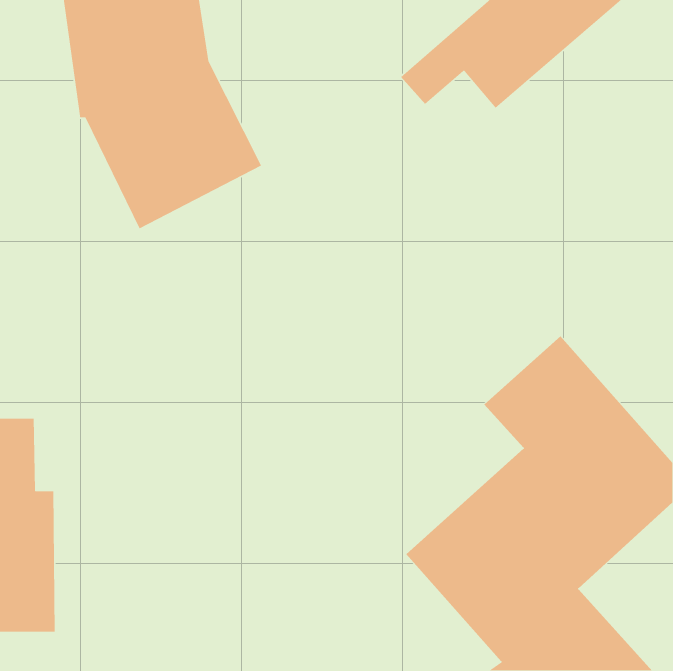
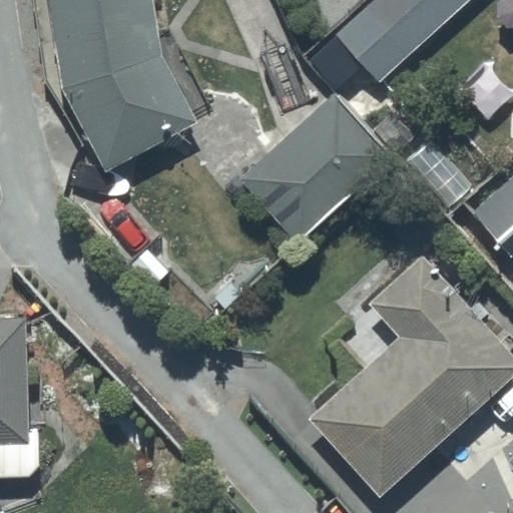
building: none -> [235,89,392,243]

